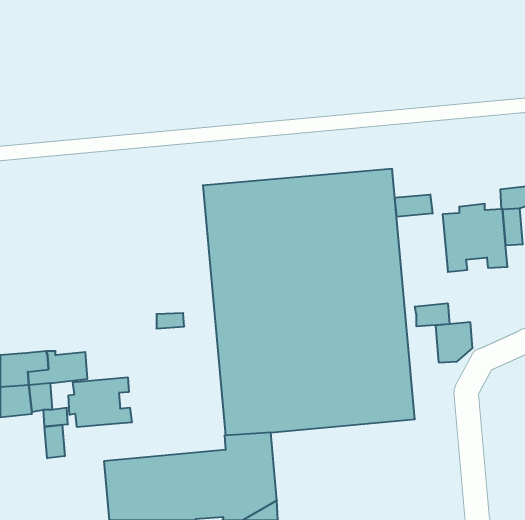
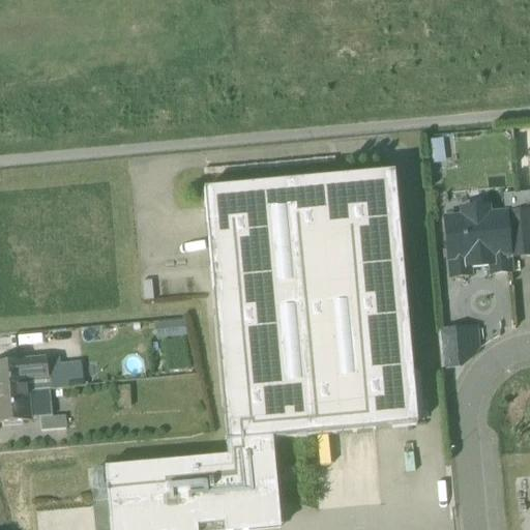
building: [395,194,432,217] -> none
building: [415,303,450,326] -> none
building: [69,377,132,427] -> none
building: [44,425,65,458] -> none

